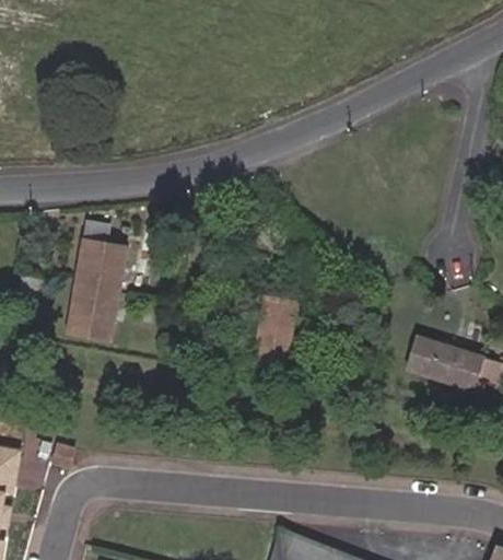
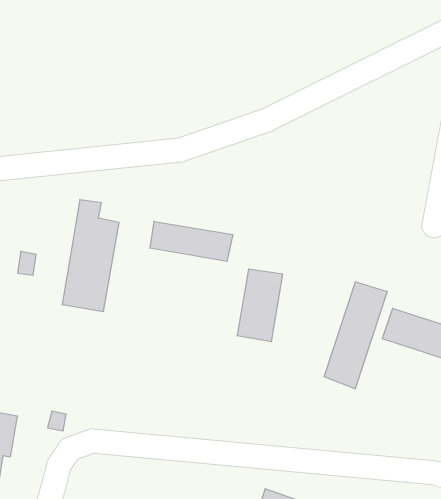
building: none -> [150,221,233,261]
building: none -> [324,282,387,389]

